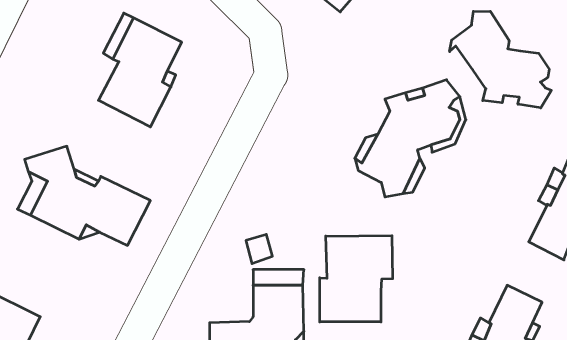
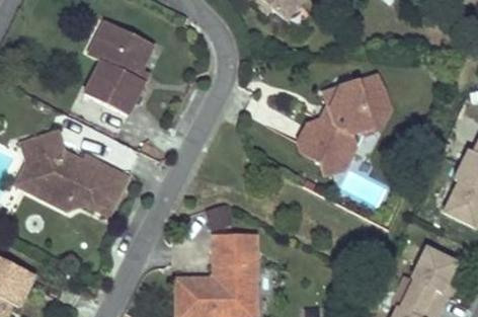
building: [450,11,551,108] -> none
building: [320,236,393,322] -> none

